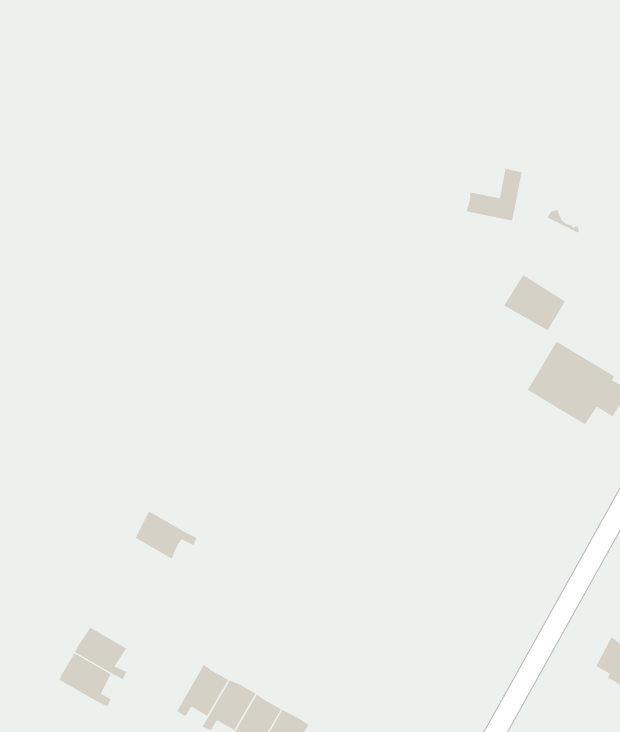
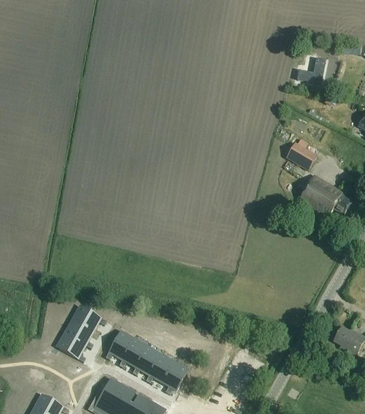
building: [466,168,523,221] -> [296,56,325,83]
building: [135,510,198,559] -> [75,306,107,331]
building: none -> [105,331,133,358]

